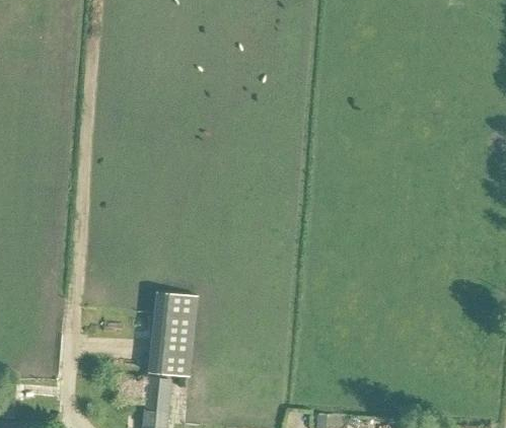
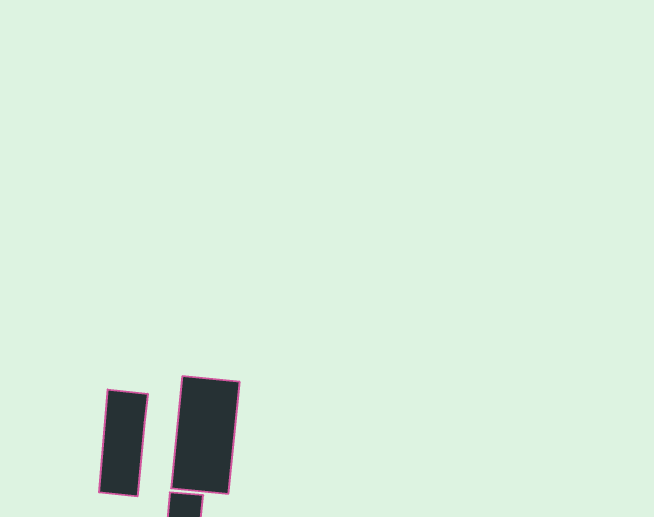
building: none -> [99,389,148,496]

